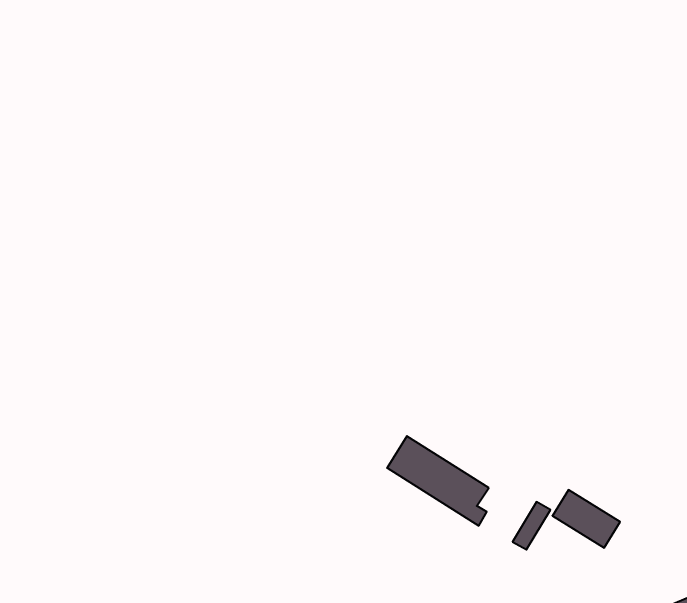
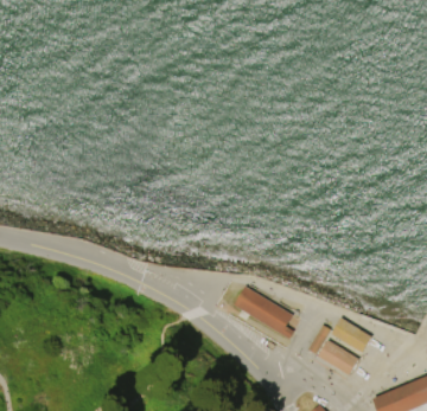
building: none -> [317,340,357,374]

